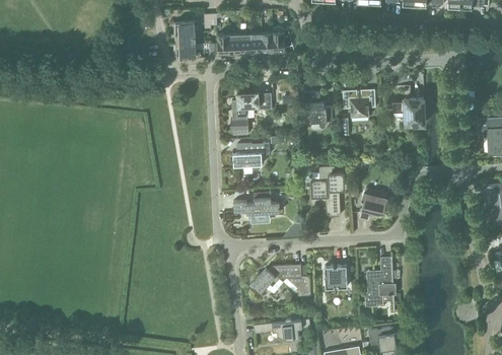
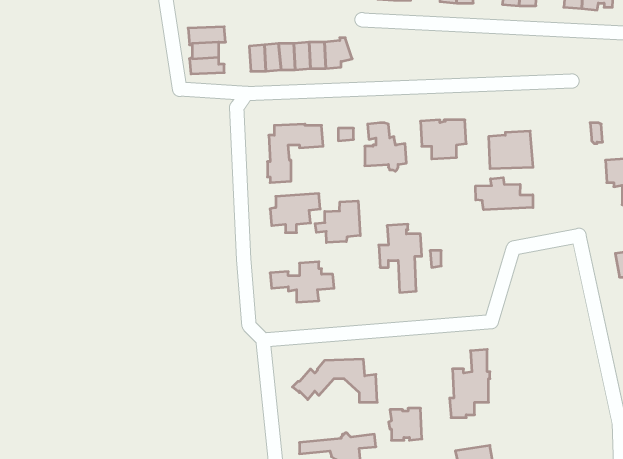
building: none -> [476,178,533,210]
building: none -> [315,201,360,243]
building: [360,188,388,220] -> none
building: [324,265,348,288] -> [389,408,422,440]

